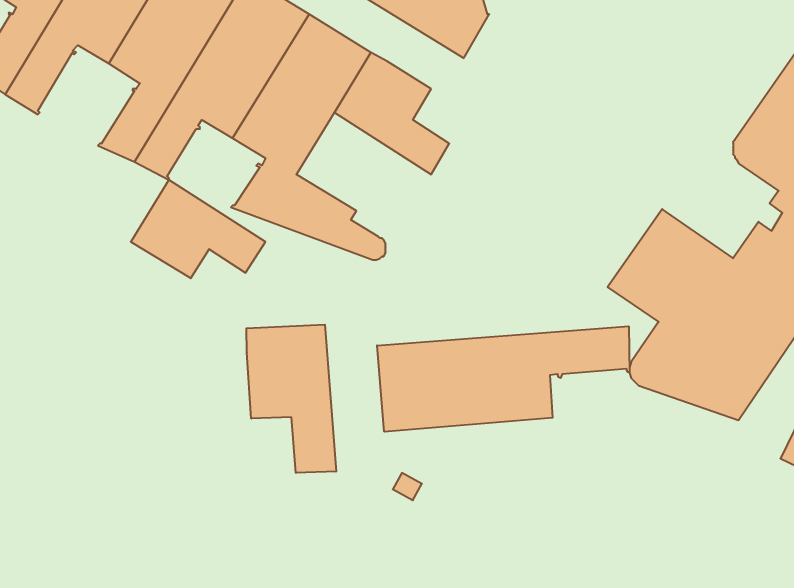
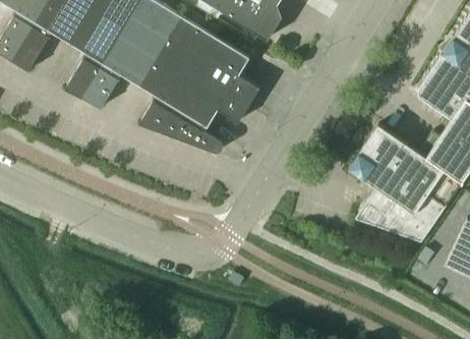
building: [131,180,265,278] -> [174,70,249,125]
building: [246,325,336,473] -> none
building: [377,326,629,432] -> none

